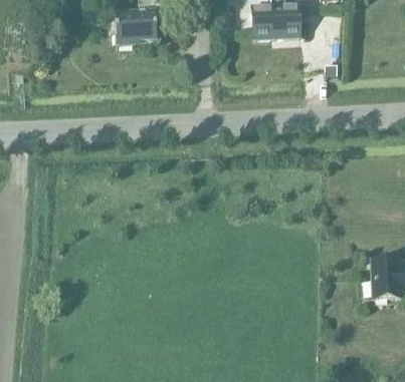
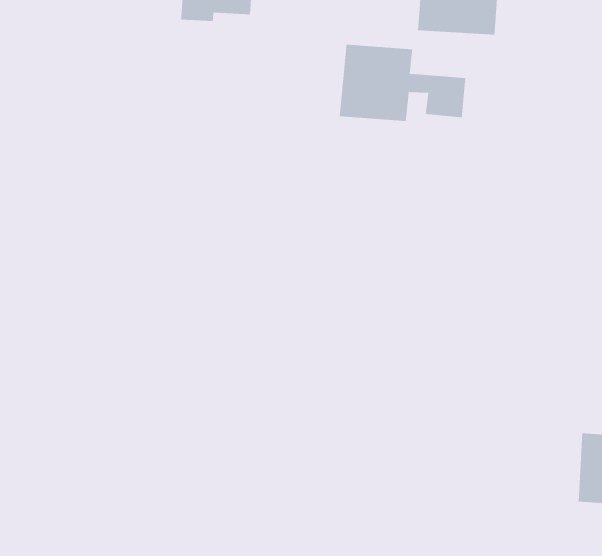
building: none -> [339,44,466,122]

